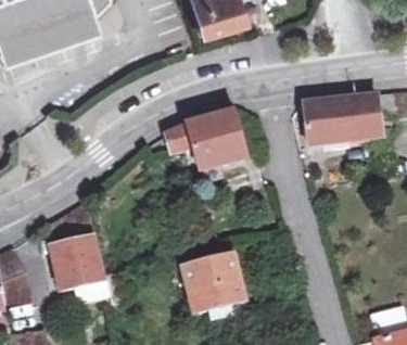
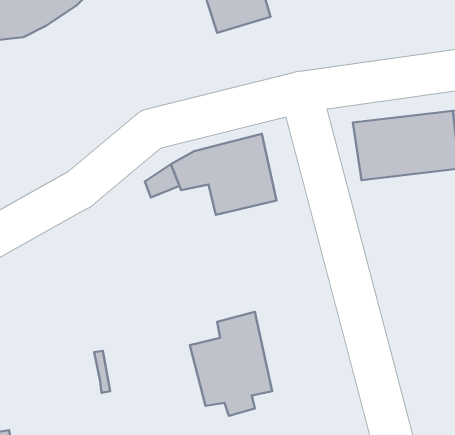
building: [47,202,102,290] -> none

